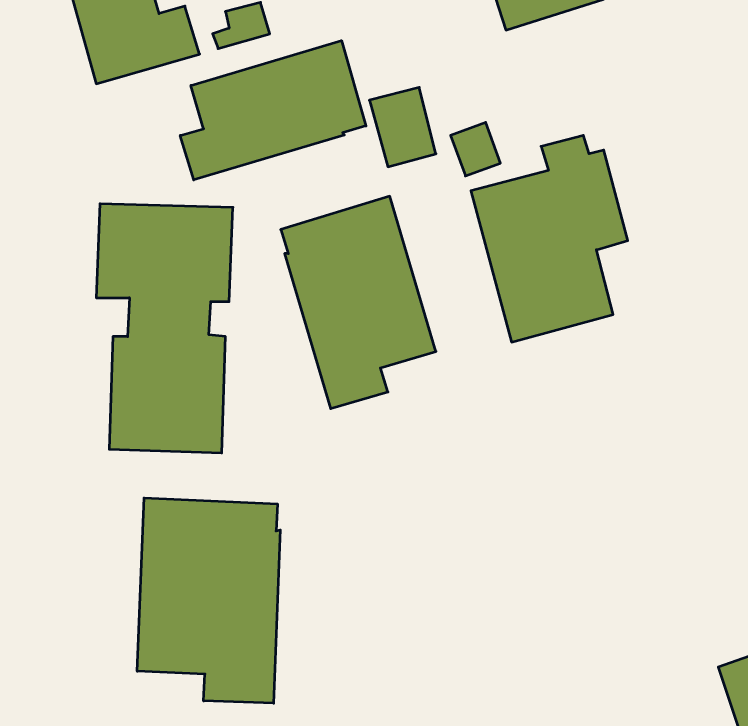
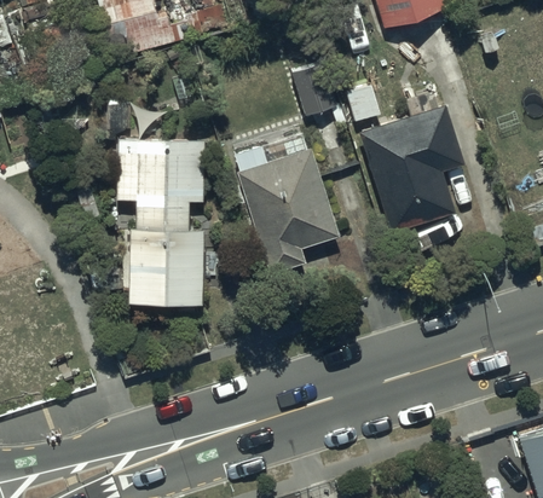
building: [180,41,366,180] -> none
building: [137,498,280,703] -> none

